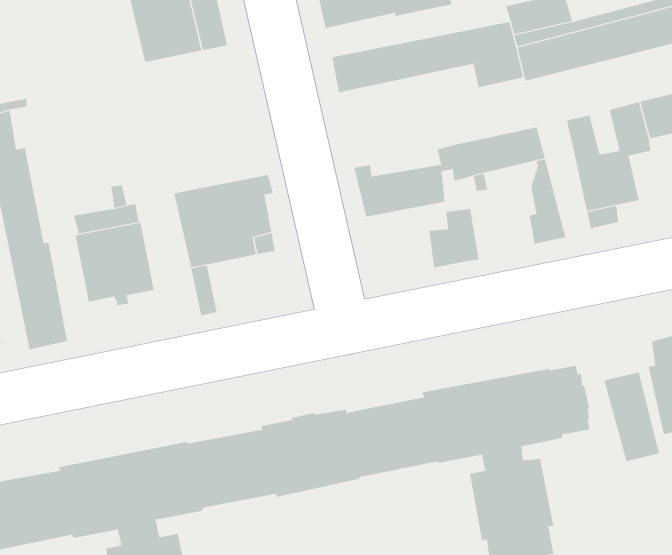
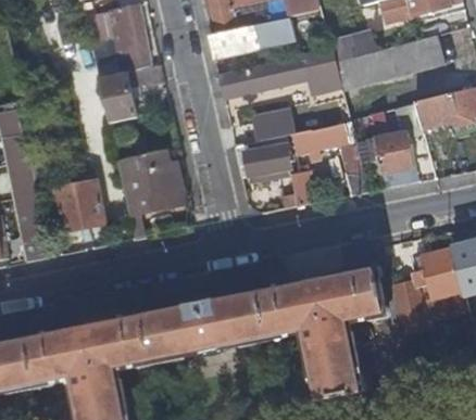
building: none -> [98,64,163,123]
building: none -> [248,104,293,139]

